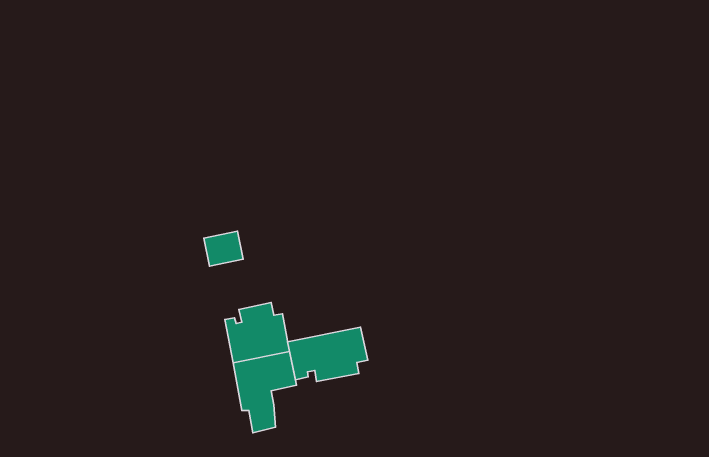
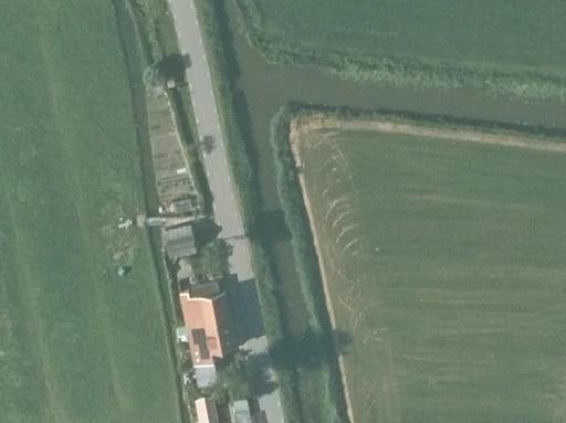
building: [288,327,368,382] -> none

